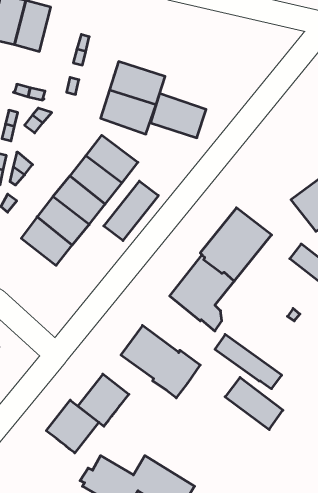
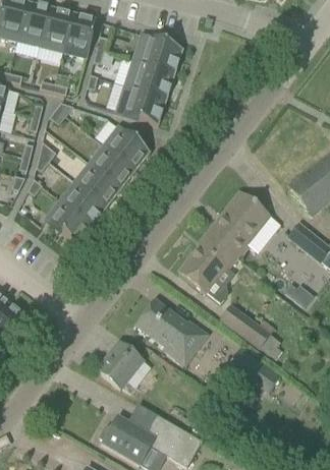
building: none -> [62,11,96,56]
building: [151,94,206,138] -> [133,34,183,73]
building: [104,181,158,241] -> none
building: [46,400,99,453] -> none

